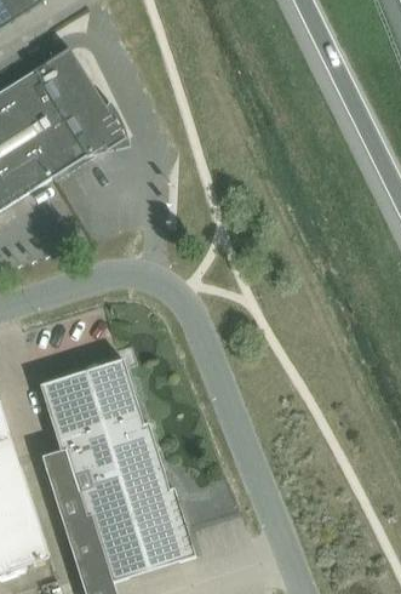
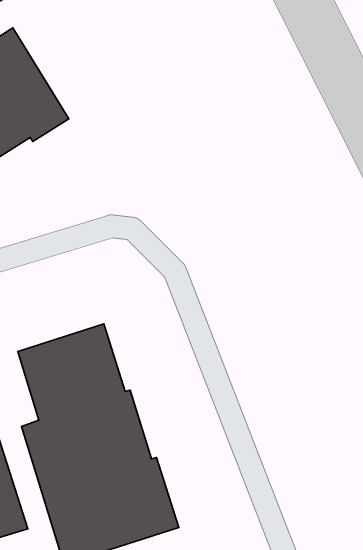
building: [33,47,127,158] -> none

